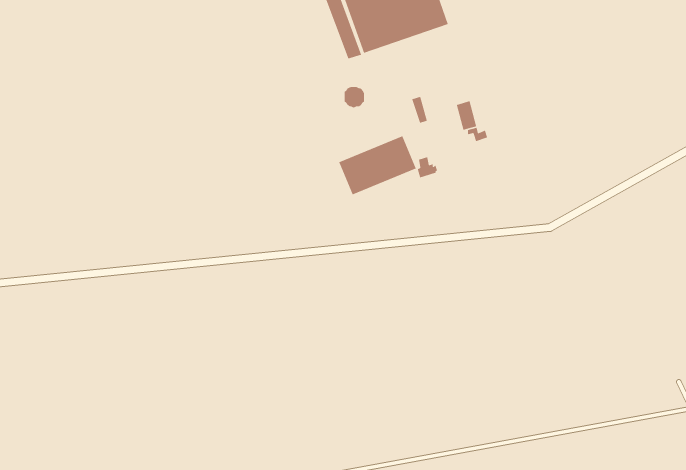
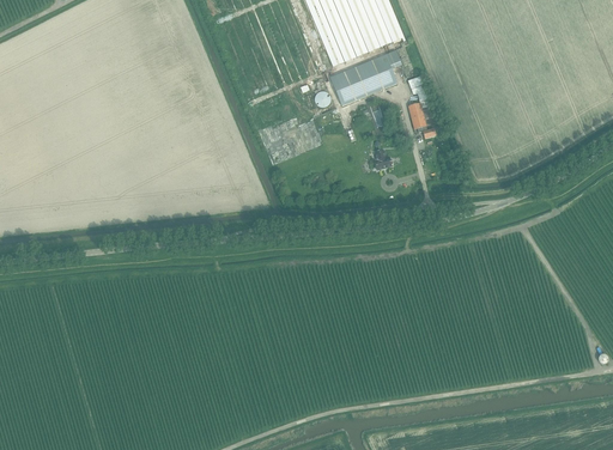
building: [338,135,417,195] -> [329,51,396,103]

